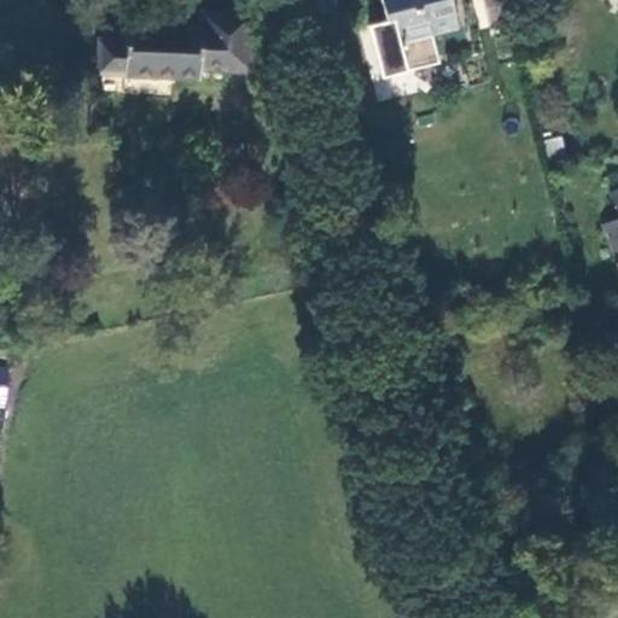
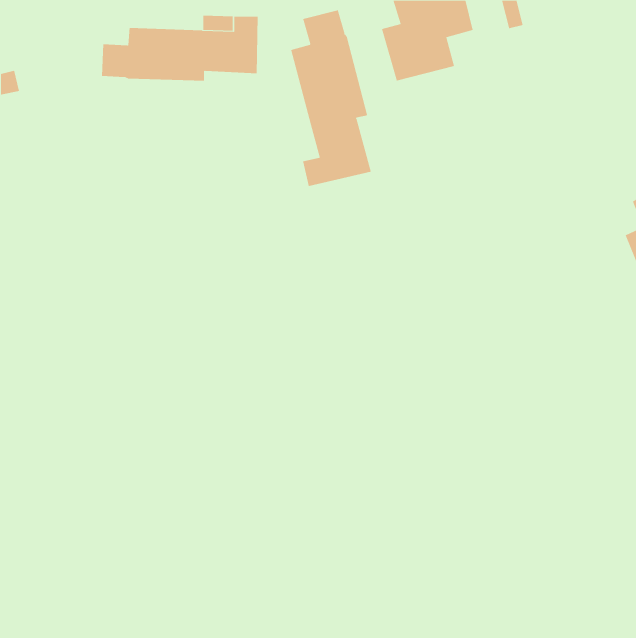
building: none -> [291,10,372,187]

